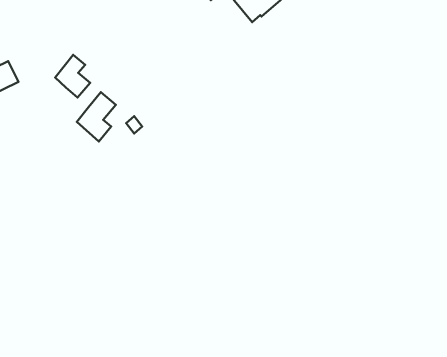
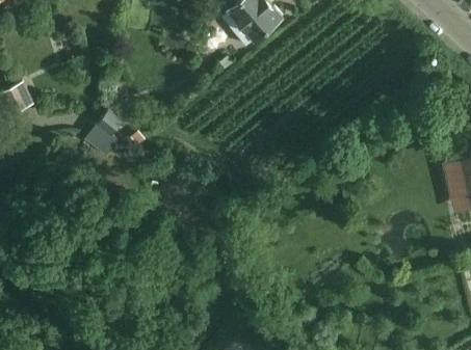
building: [55,55,90,98] -> none

